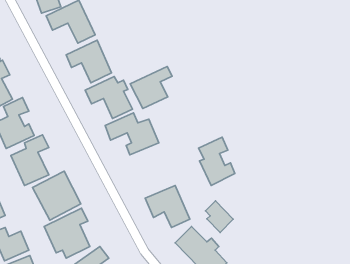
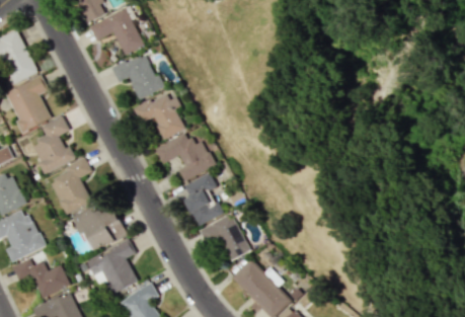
building: [130,67,172,109] -> none
building: [199,137,235,185] -> [183,172,224,226]
building: [206,201,233,232] -> none

